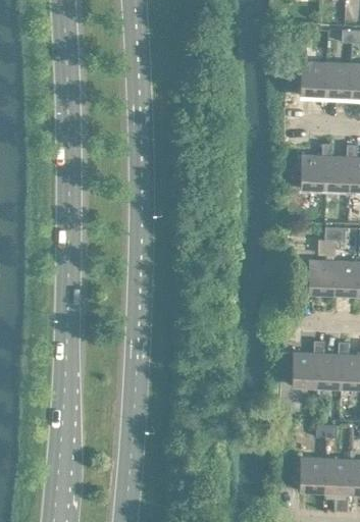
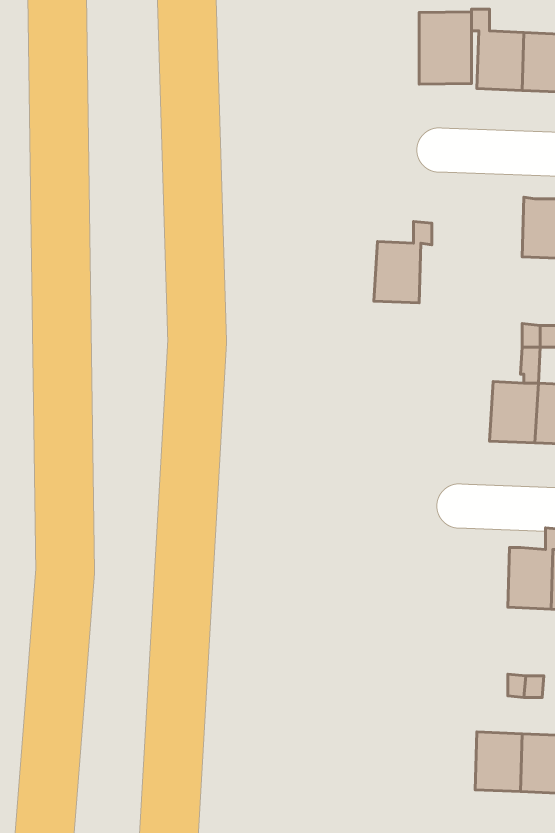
building: none -> [419,12,472,84]
building: [301,142,333,188] -> [374,221,432,303]
building: [293,340,325,385] -> none

